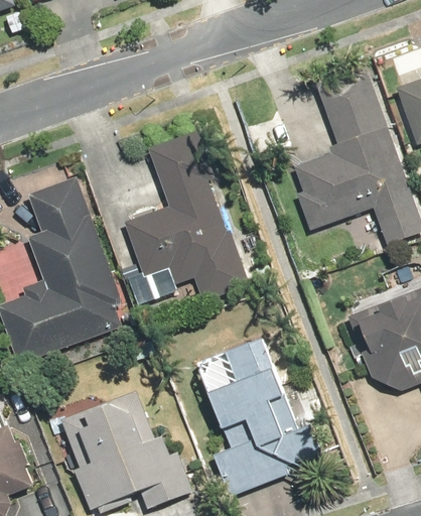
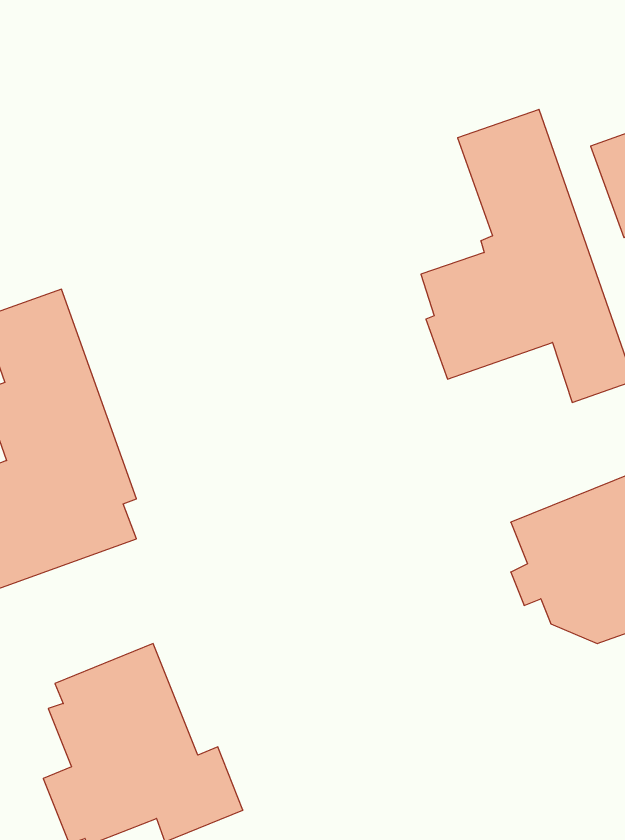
building: [126,131,250,301] -> none
building: [189,341,315,497] -> none

